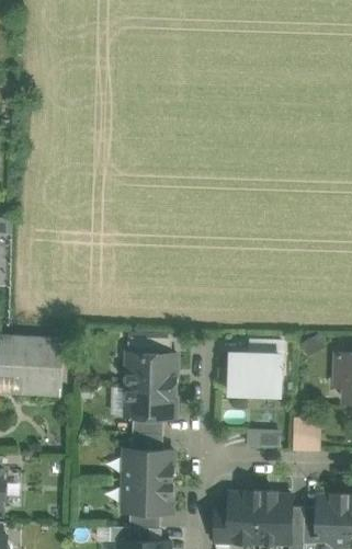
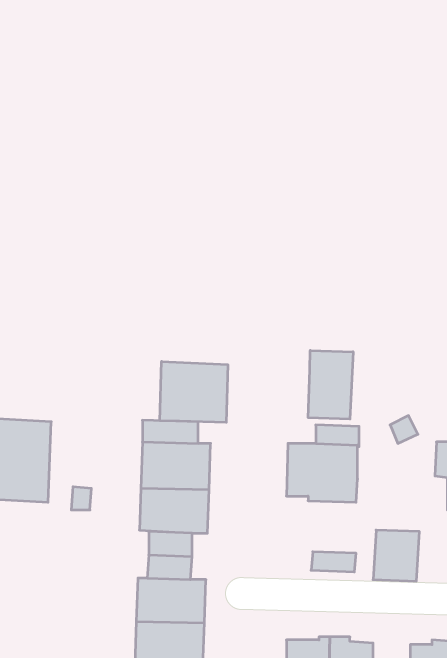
building: none -> [308,350,353,419]
building: none -> [160,361,228,422]

